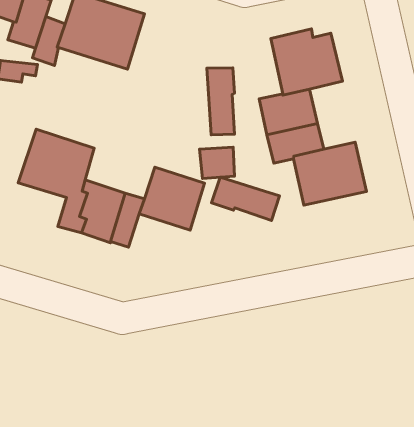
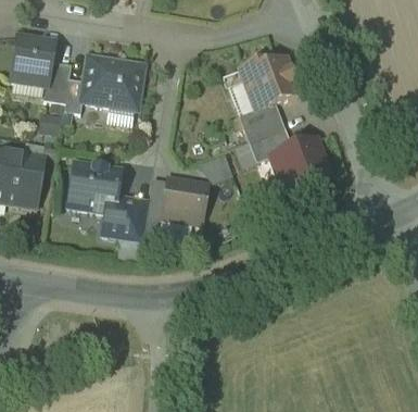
building: [207,68,235,135] -> none
building: [212,177,280,220] -> none

